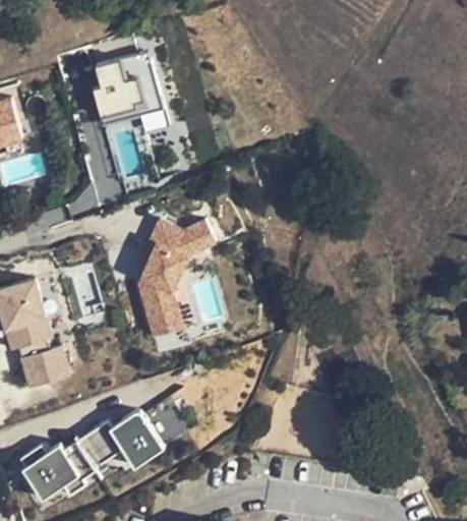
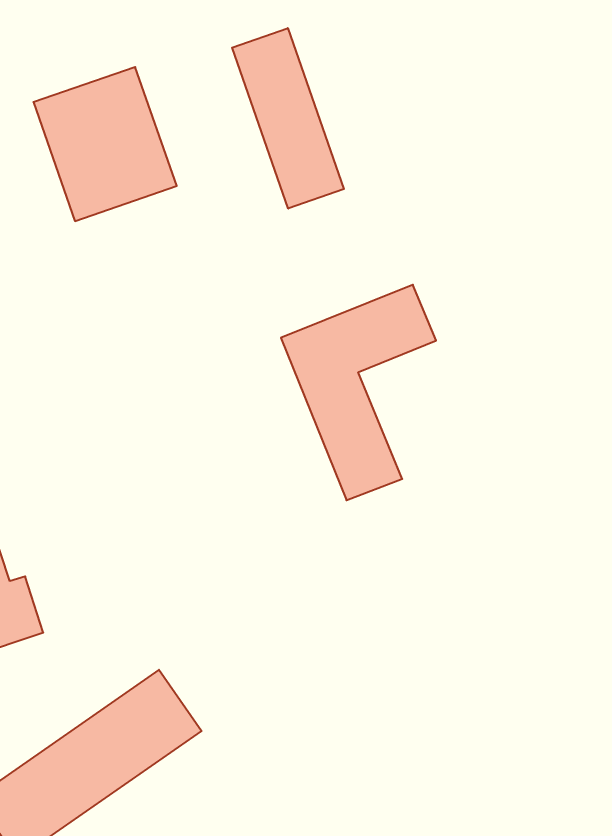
building: none -> [232,28,344,209]
building: [126,215,217,338] -> [281,285,436,500]

